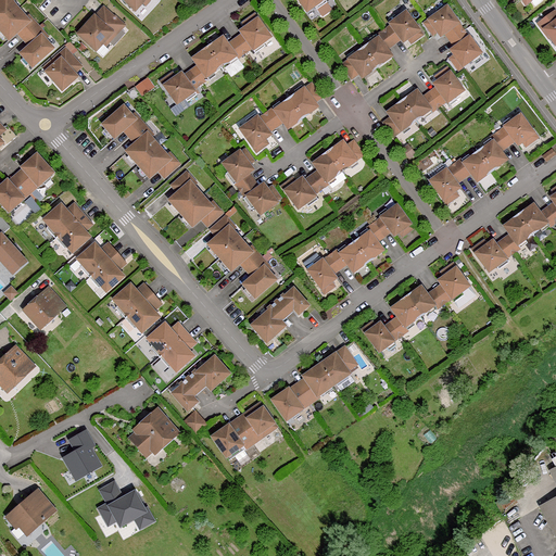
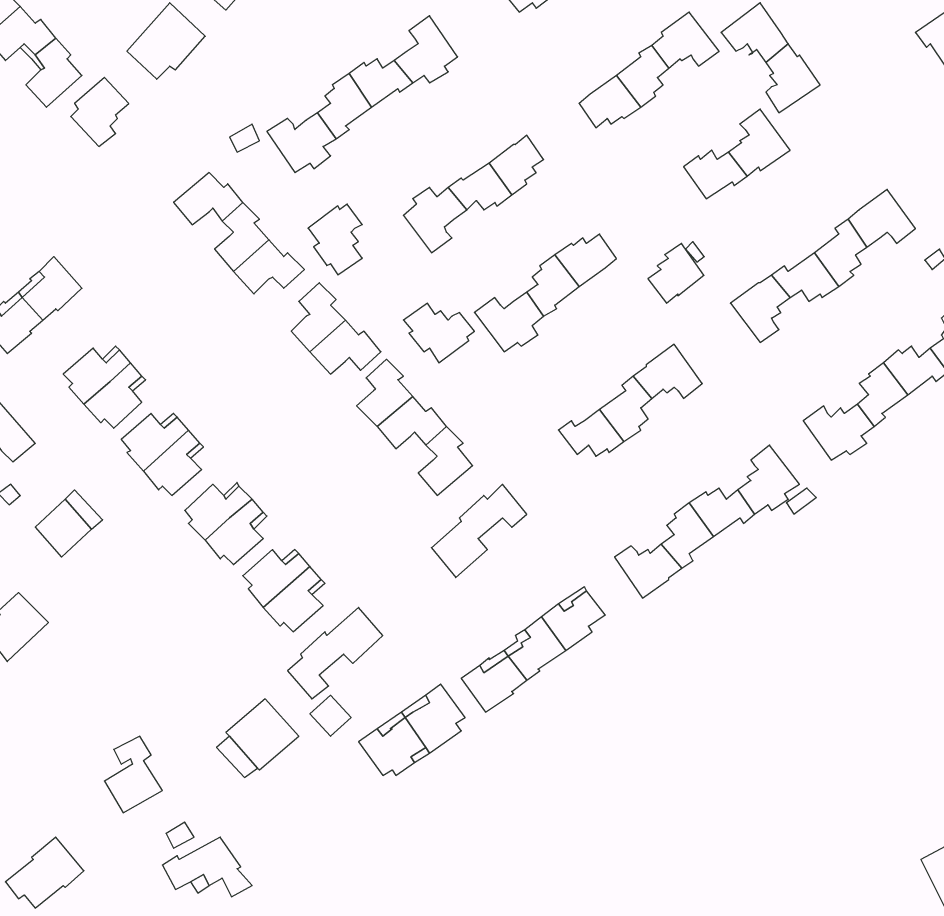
building: [382,101,415,136] -> [648,243,704,303]
building: [222,149,253,190] -> [308,204,362,275]
building: [307,254,340,293] -> none

